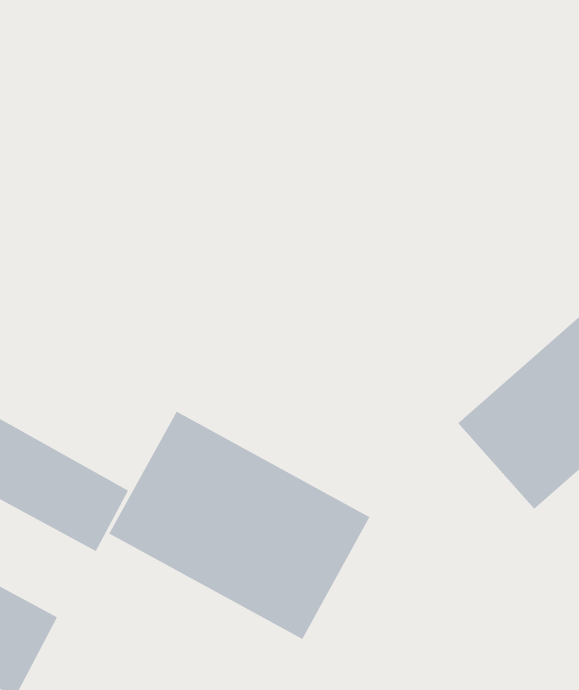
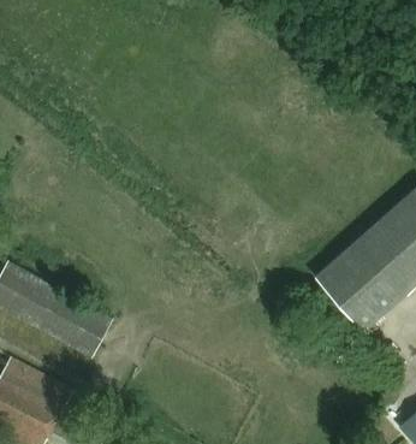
building: [108,411,370,640] -> none

